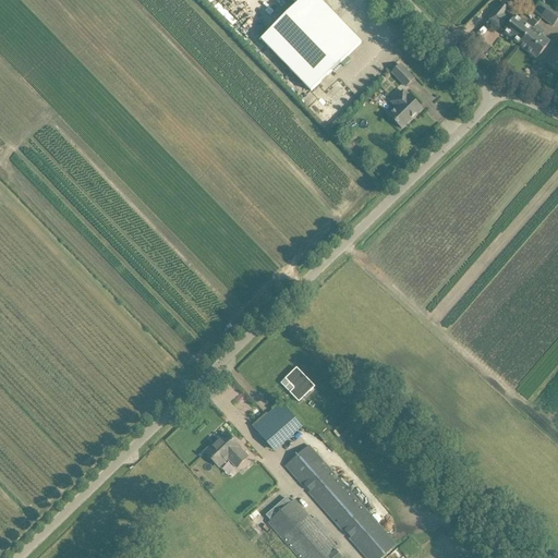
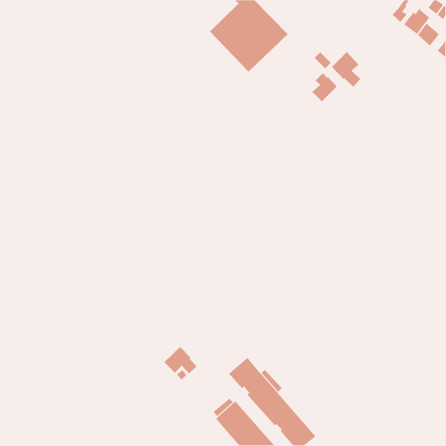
building: none -> [331,51,361,87]
building: [284,367,314,401] -> none
building: [251,401,300,449] -> none

